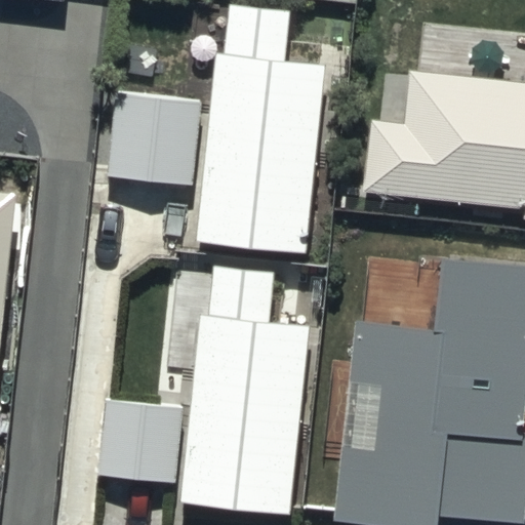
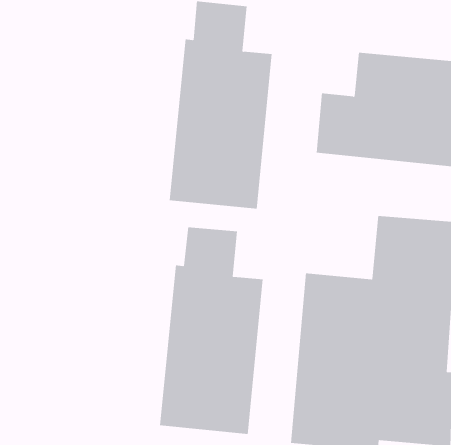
building: [109,93,202,188] -> none
building: [93,400,187,494] -> none

